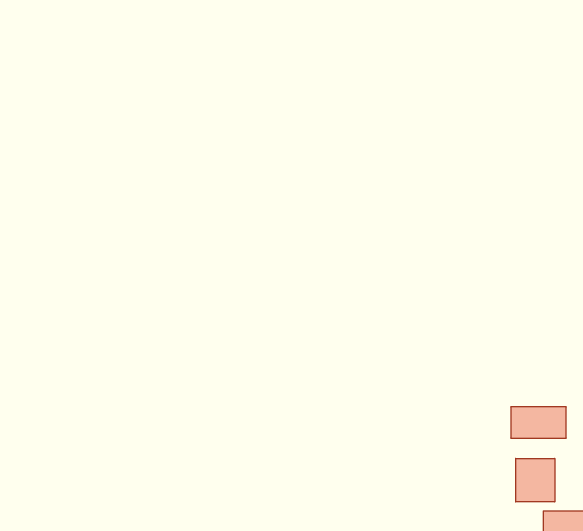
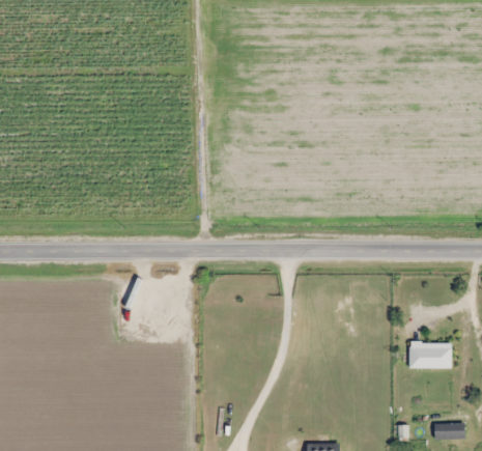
building: [516,458,555,502] -> none

